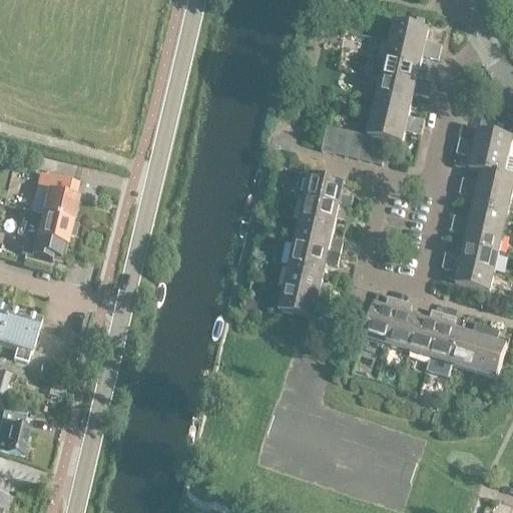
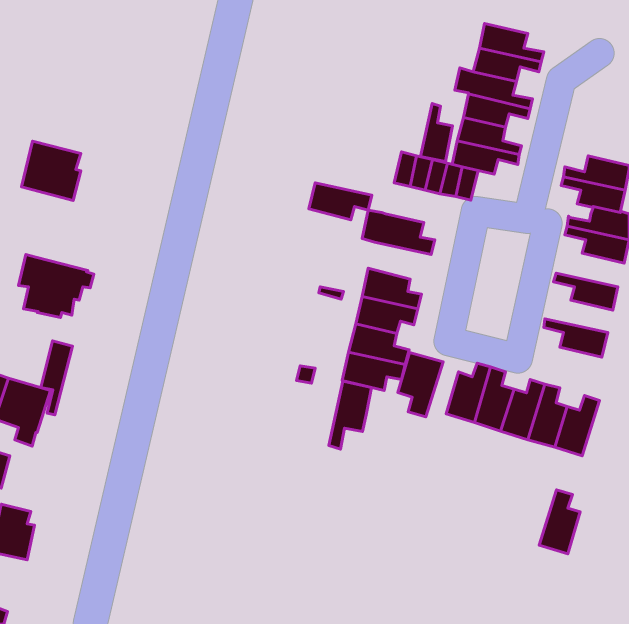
building: none -> [421,104,452,161]
building: [29,171,77,219] -> [21,141,81,200]
building: [299,196,350,226] -> [309,183,372,220]
building: [451,205,506,232] -> none
building: [442,243,497,270] -> none
building: none -> [41,341,73,415]
building: none -> [398,353,443,417]
building: none -> [329,381,371,449]
building: [472,325,505,377] -> [539,490,580,554]

